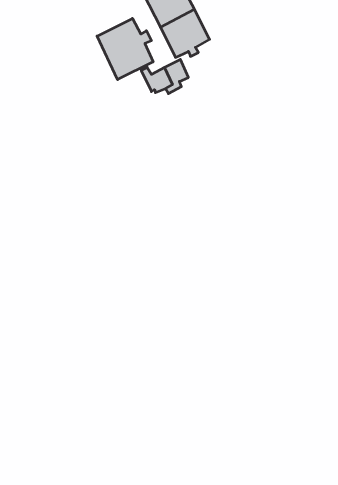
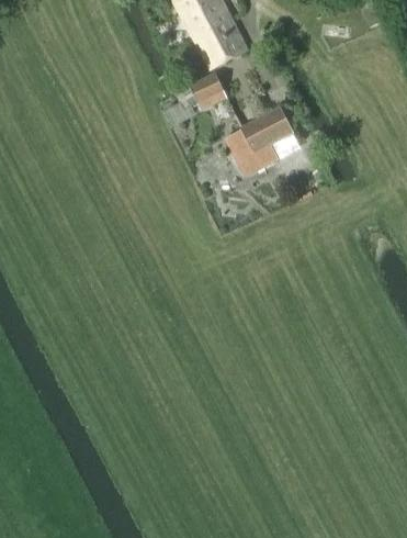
building: [97,18,153,80] -> none
building: none -> [234,105,295,177]

